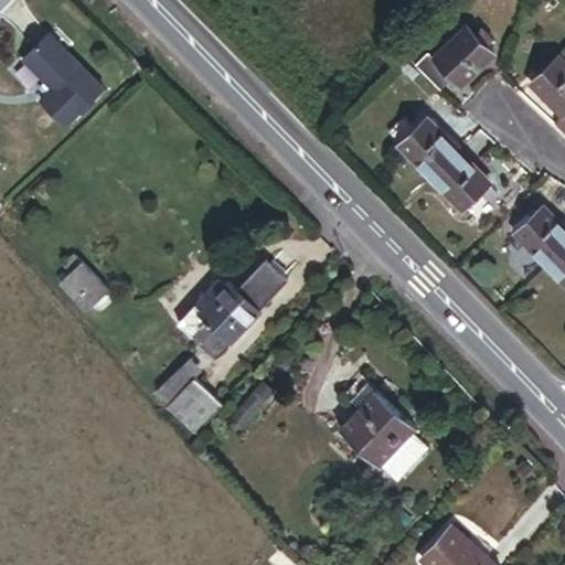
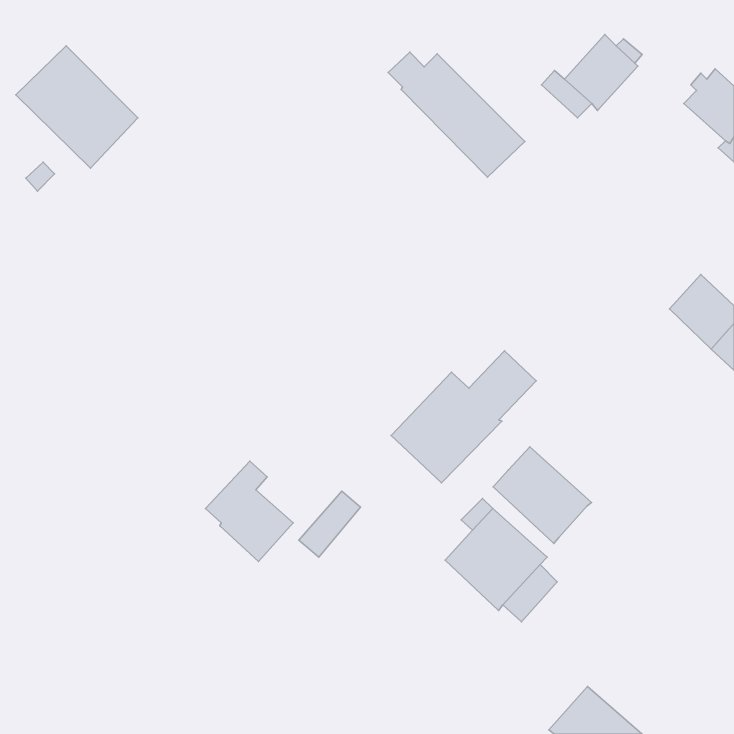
building: [384,121,489,217] -> [388,52,525,177]
building: [180,255,291,356] -> [391,351,536,483]
building: [62,266,109,313] -> none
building: none -> [493,447,592,544]

